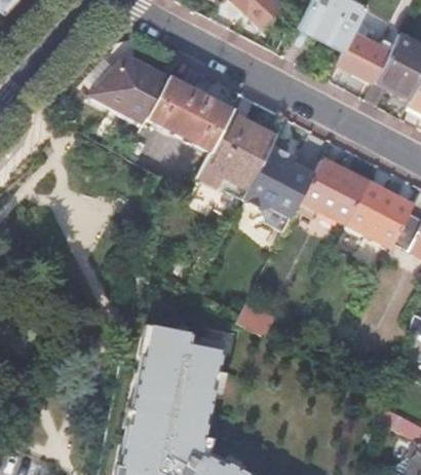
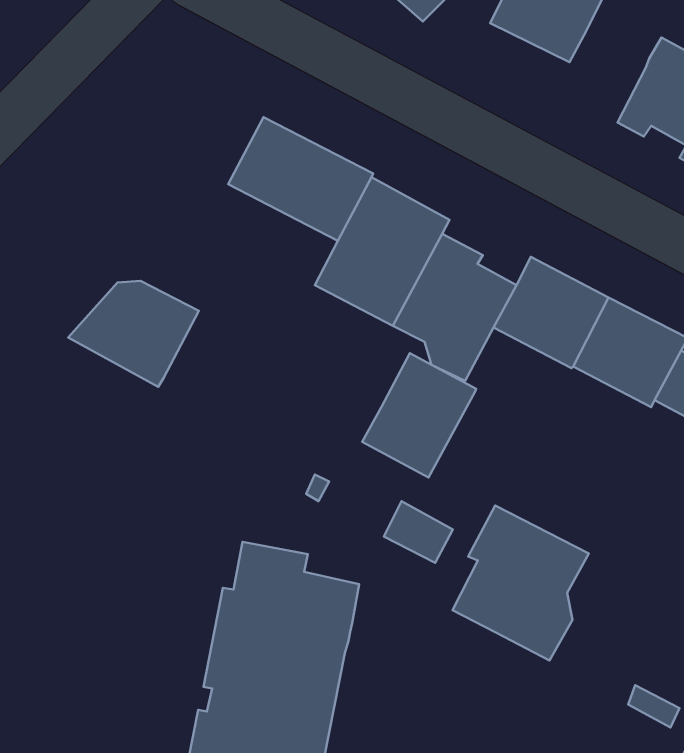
building: [337,31,389,81] -> none
building: [91,61,167,122] -> [68,281,199,387]
building: none -> [362,353,476,477]
building: none -> [452,505,589,660]

